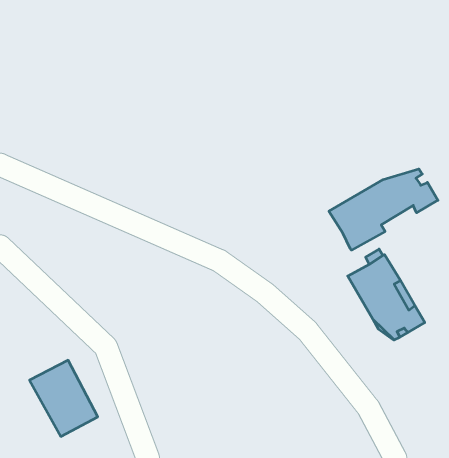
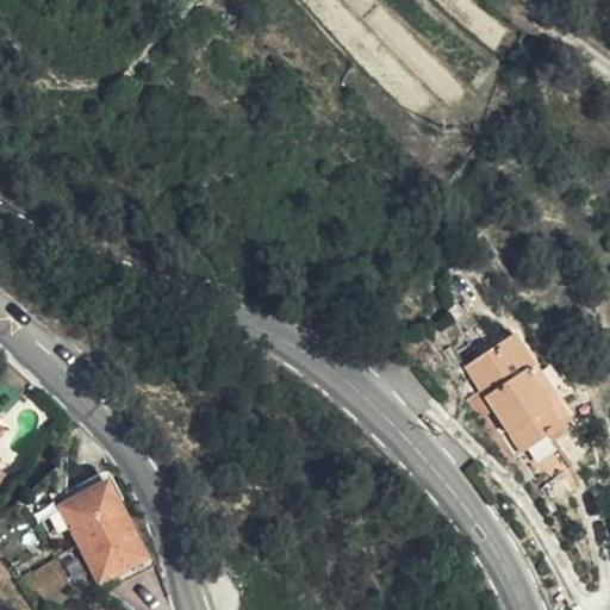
building: [329,169,438,250] -> none

